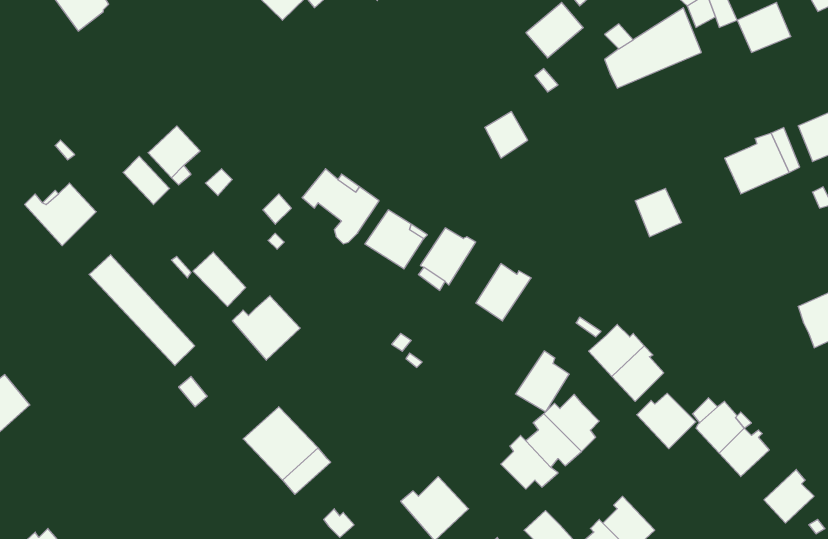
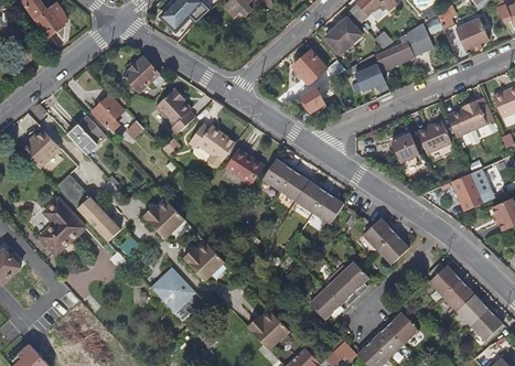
building: none -> [292,51,324,83]
building: none -> [122,56,163,90]
building: none -> [353,63,384,90]
building: none -> [153,87,193,133]
building: none -> [417,120,451,153]
building: none -> [64,122,95,153]
building: none -> [277,166,309,204]
building: none -> [451,172,484,211]
building: [193,252,246,306] -> none
building: none -> [36,196,82,250]
building: [515,351,569,412] -> [310,189,343,226]
building: none -> [183,243,225,281]
building: [637,393,696,449] -> [384,310,420,344]
building: none -> [457,294,491,325]

